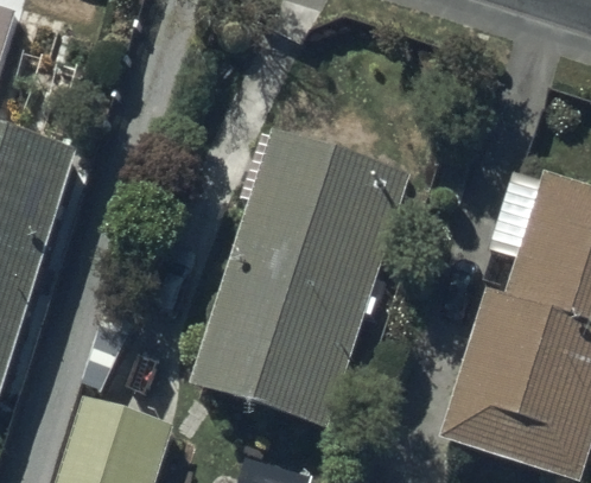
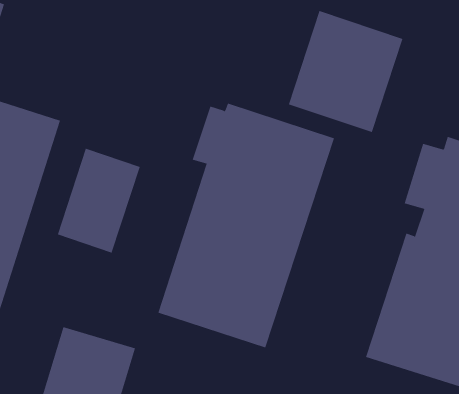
building: none -> [288,10,403,133]
building: none -> [57,148,140,253]

